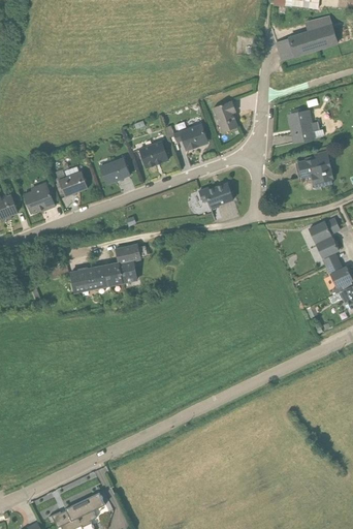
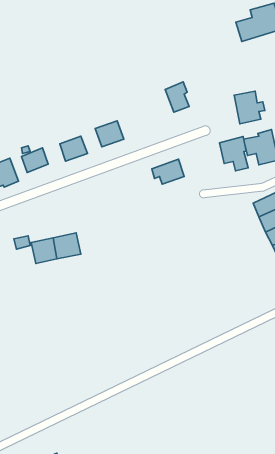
building: [175,123,205,151] -> none
building: none -> [220,137,248,171]
building: [111,244,137,284] -> none

